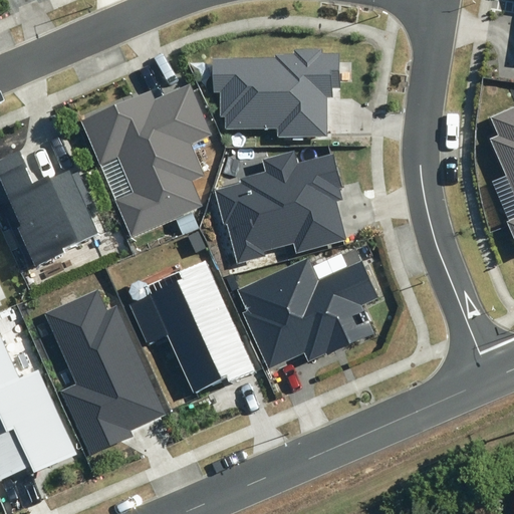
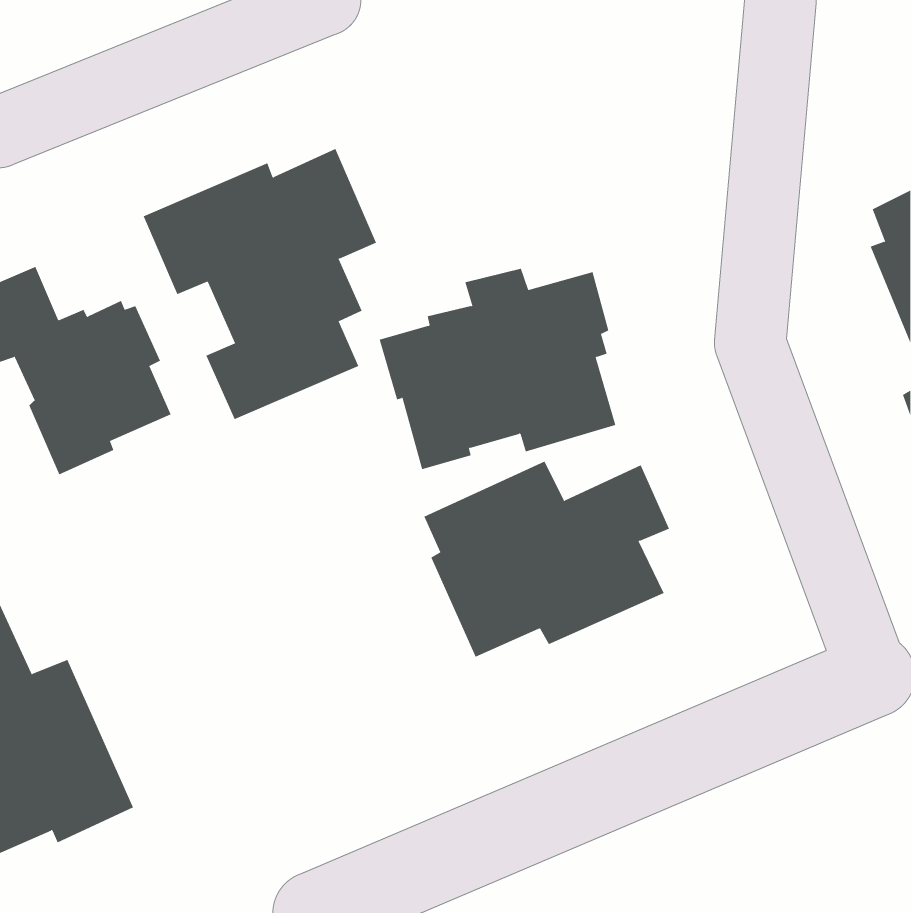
building: [211,48,339,138] -> none
building: [128,260,256,393] -> none
building: [44,290,165,457] -> none

